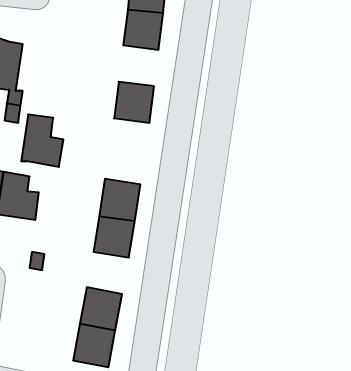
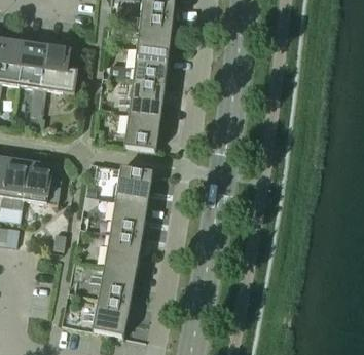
building: none -> [132,45,168,82]
building: [21,114,63,167] -> [39,44,77,91]
building: none -> [122,111,159,149]
building: none -> [103,231,141,269]

